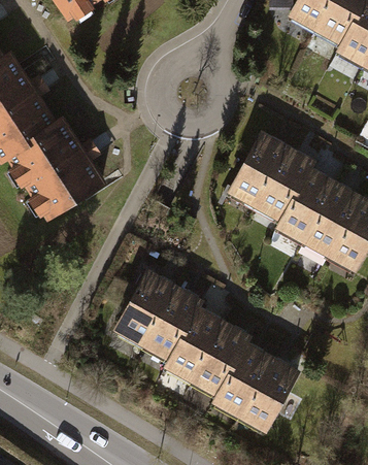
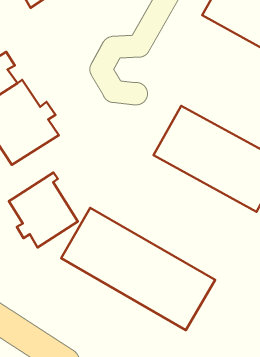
building: none -> [9,173,78,247]

